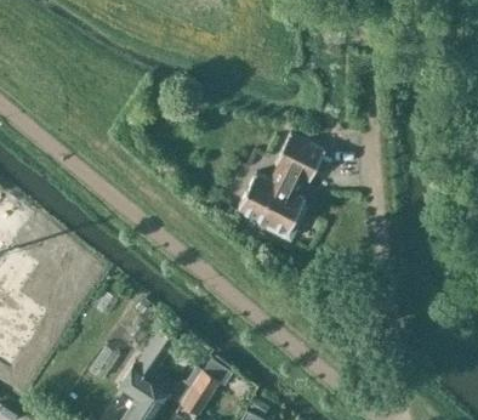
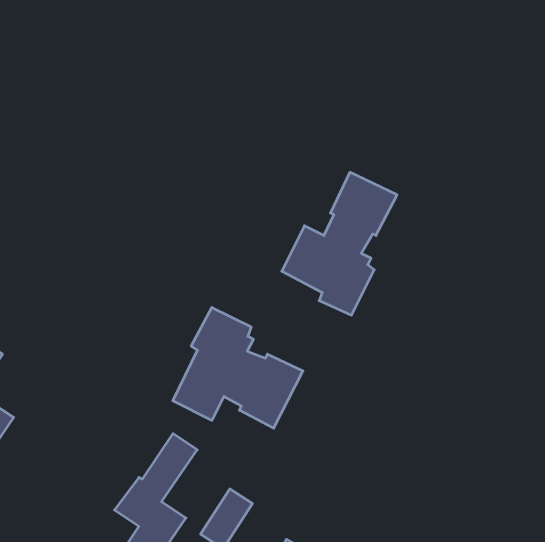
building: none -> [173,307,303,428]

